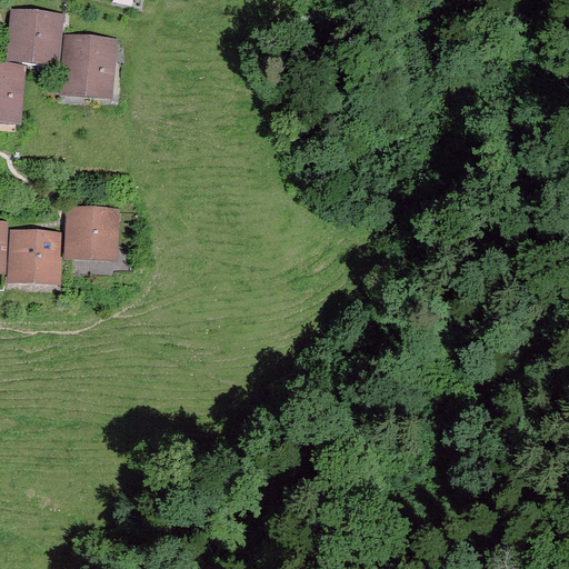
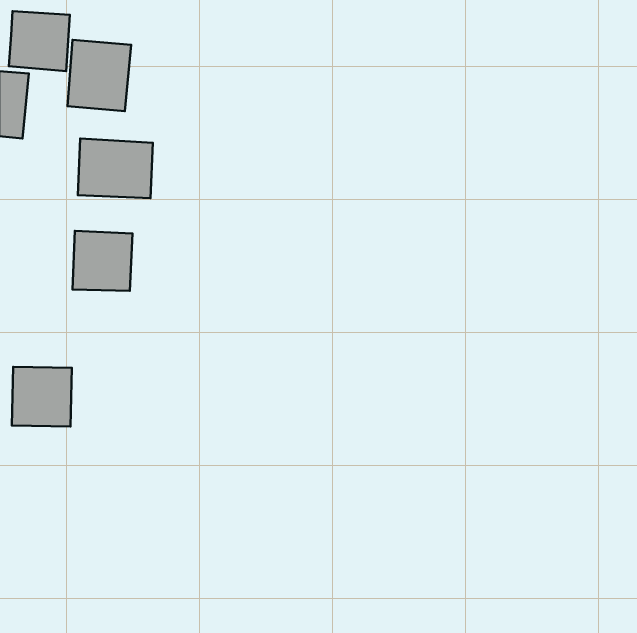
building: none -> [78,139,153,198]
building: [8,229,61,282] -> [12,367,72,427]

